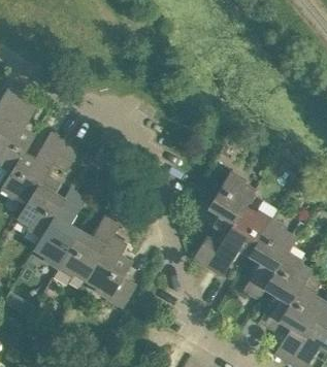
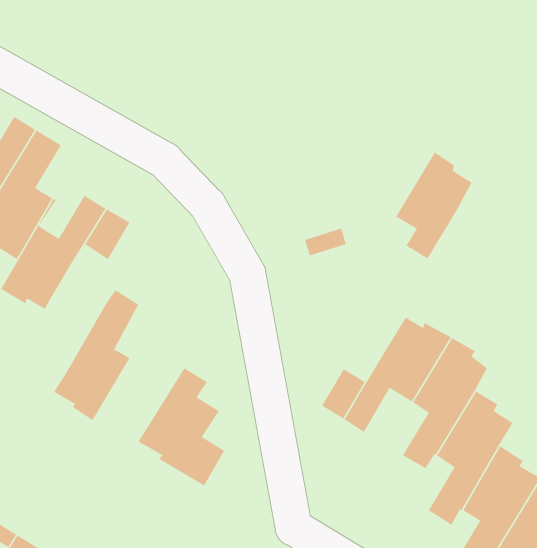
building: [207,170,254,235] -> [395,151,472,260]
building: [18,174,64,238] -> none
building: [57,212,122,281] -> none

